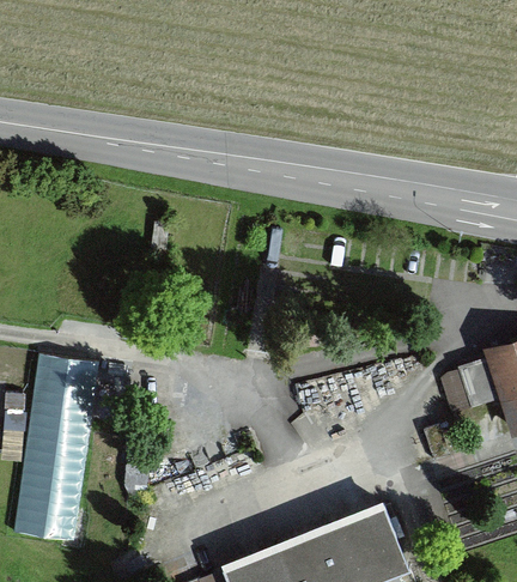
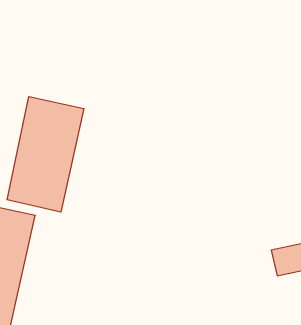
building: none -> [7,97,84,212]

